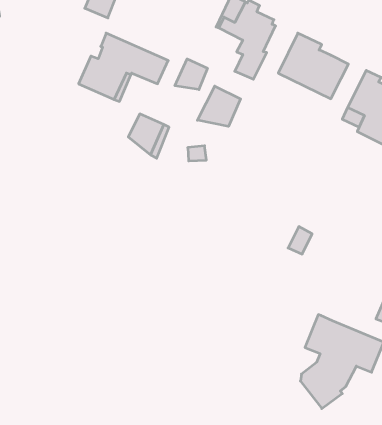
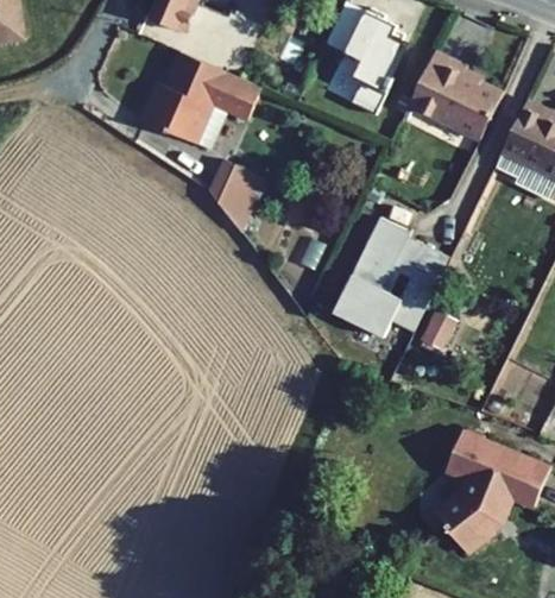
building: [175,59,207,90] -> none
building: [197,86,241,126] -> none
building: none -> [332,219,448,341]

